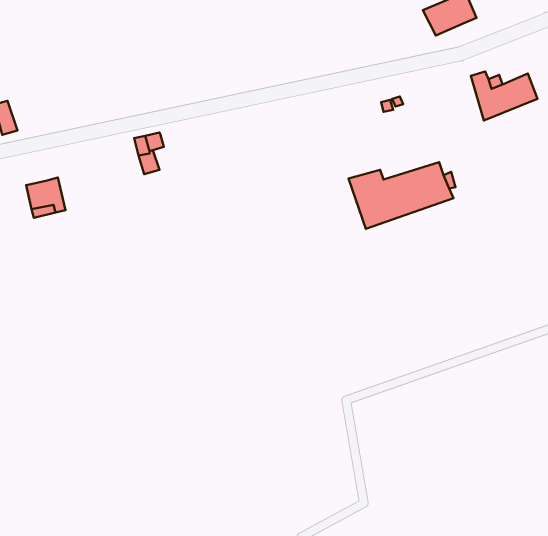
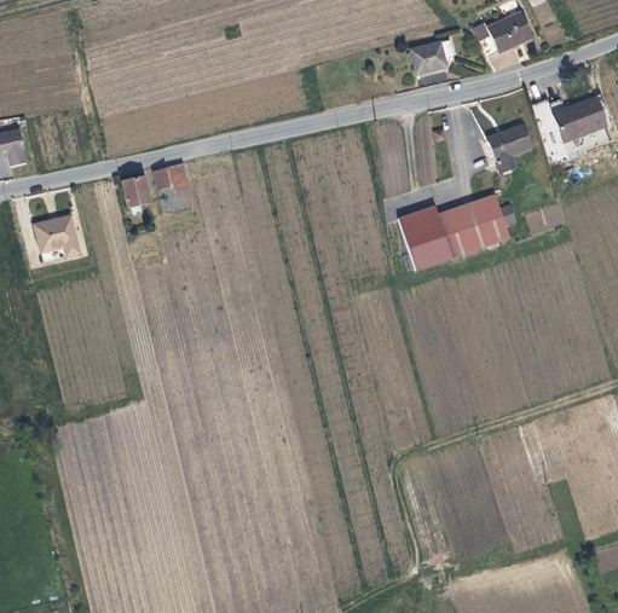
building: none -> [415,36,457,69]
building: none -> [486,127,532,174]
building: none -> [119,174,148,208]

